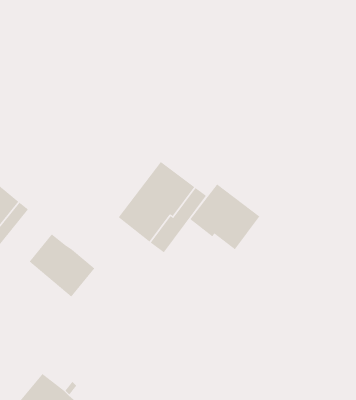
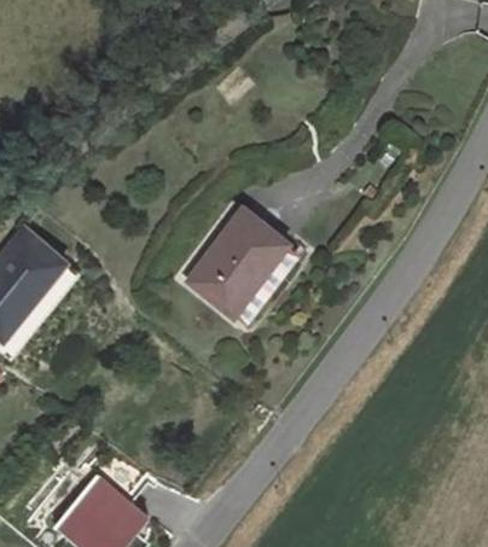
building: [190,184,260,250] -> none
building: [29,233,95,298] -> none

